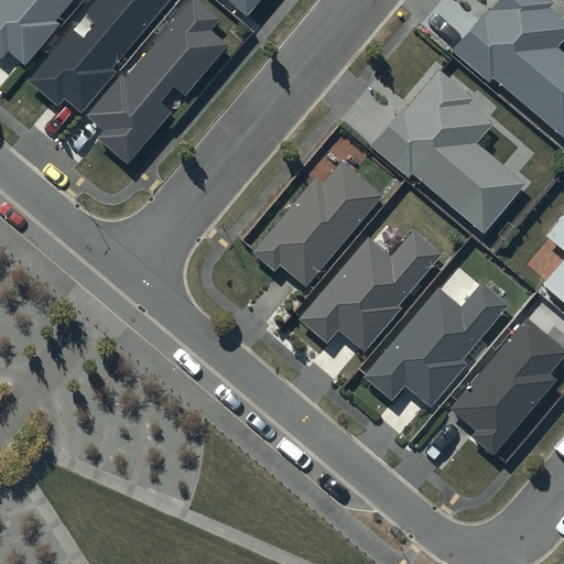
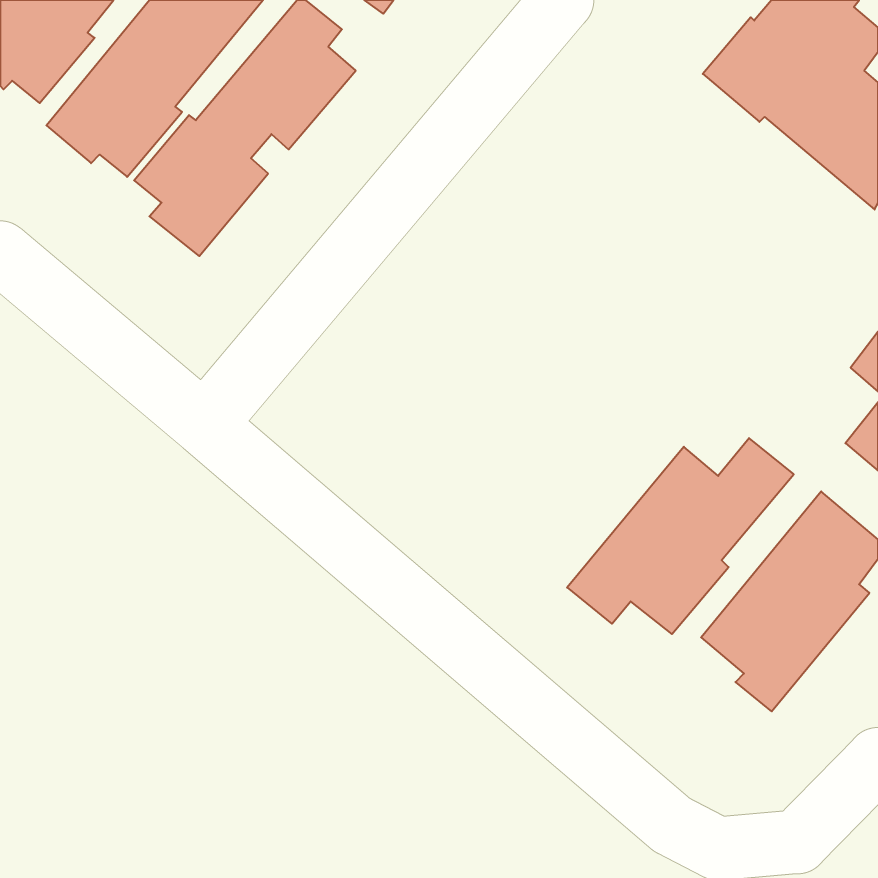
building: [367,68,521,229] -> none
building: [253,160,384,289] -> none
building: [297,229,442,352] -> none

